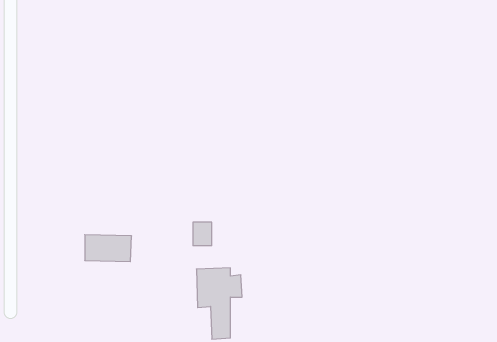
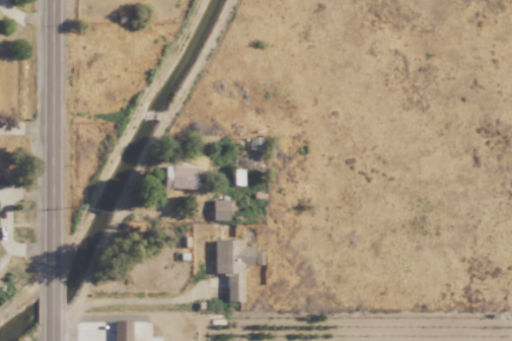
building: [85,235,132,262] -> [165,167,206,191]

